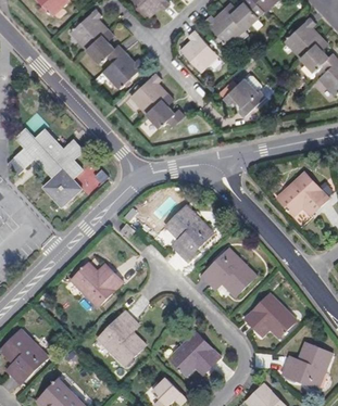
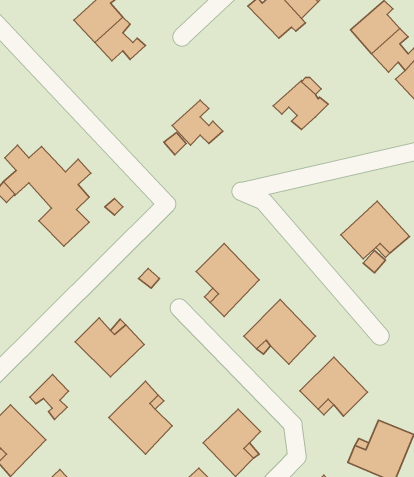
building: [181,29,218,71] -> none
building: [103,51,145,88] -> none
building: [130,73,167,113] -> none
building: none -> [30,374,69,420]

